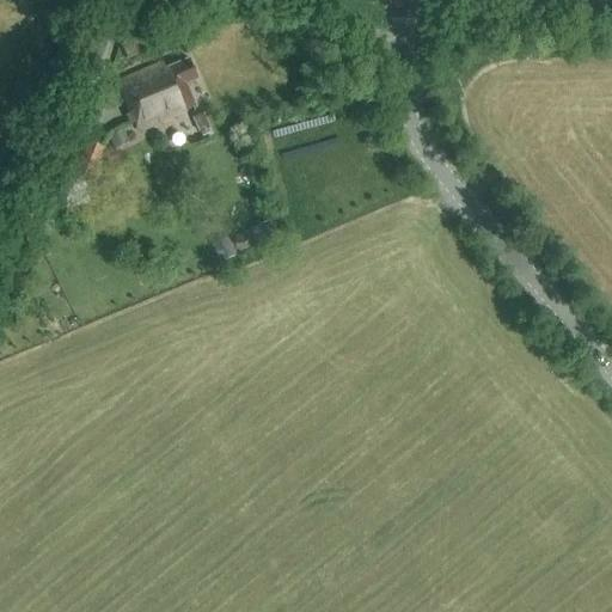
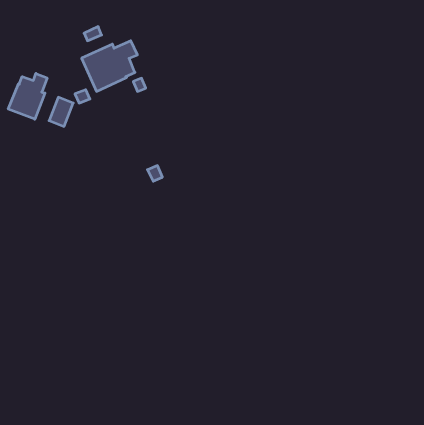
building: none -> [8,73,47,119]

